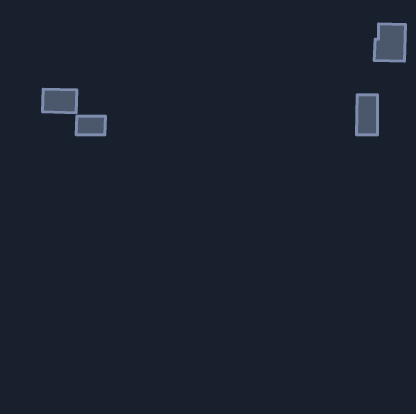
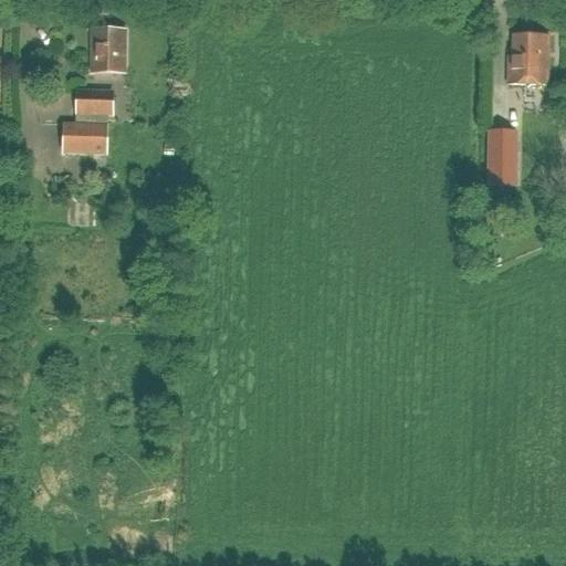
building: none -> [93,27,127,70]
building: [76,116,106,135] -> [73,88,113,114]

